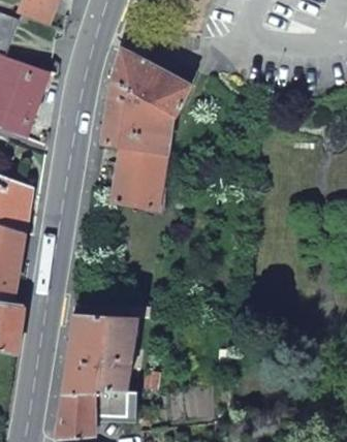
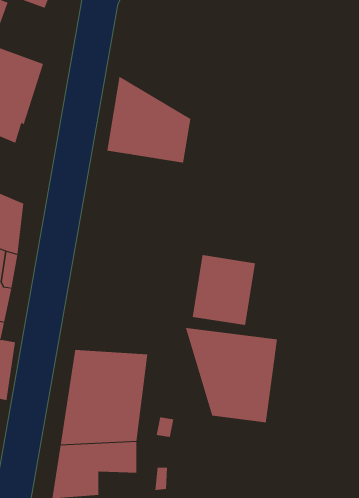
building: [111,46,191,118] -> none
building: [112,147,165,207] -> [192,254,256,326]
building: none -> [185,327,277,423]

